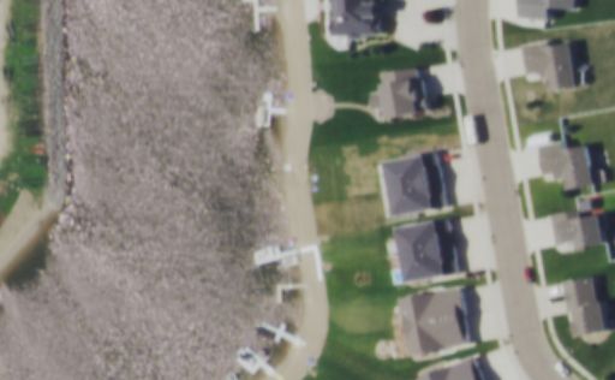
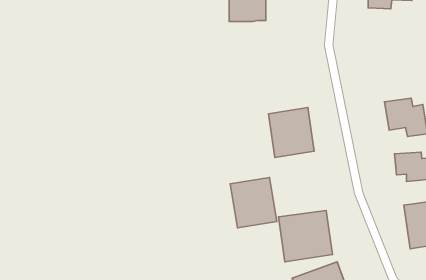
building: [519,36,574,89] -> none
building: [380,65,428,118] -> none
building: [396,216,458,283] -> [230,178,277,228]

